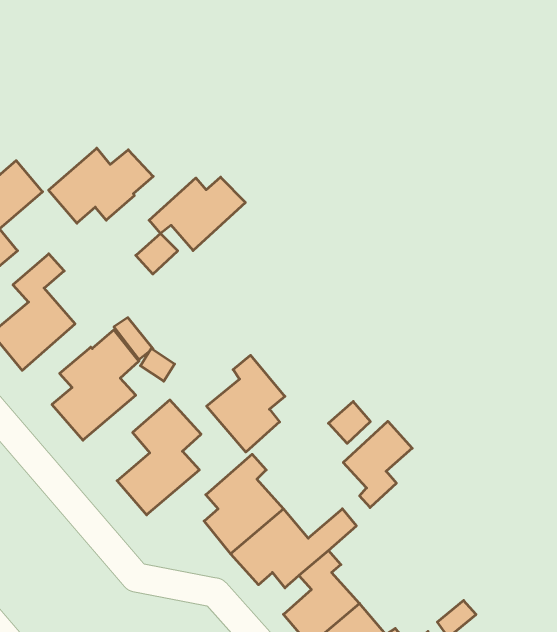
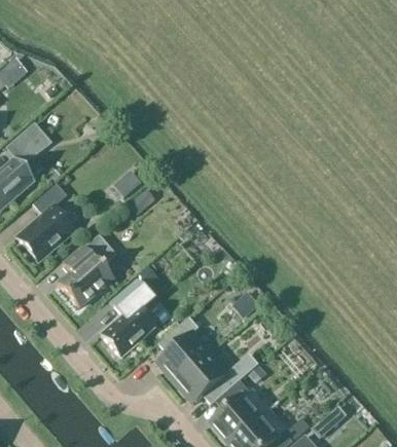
building: [49,148,153,223] -> none
building: [149,177,245,251] -> none
building: [207,355,285,452] -> none
building: [343,421,412,508] -> none

